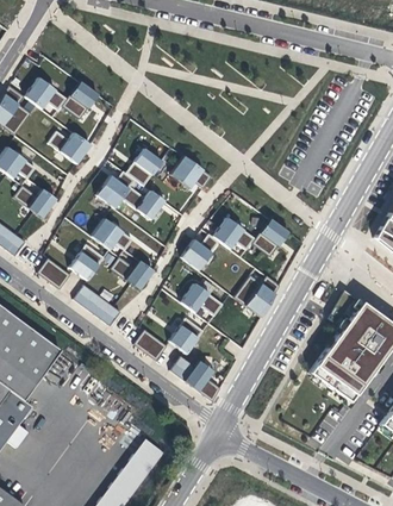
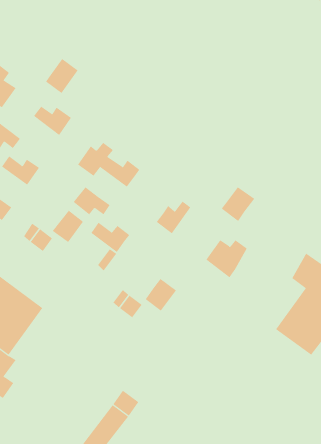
building: [25,76,67,110] -> none
building: [126,148,162,185] -> none
building: [170,155,212,188] -> none
building: [213,217,255,249] -> none
building: [181,282,223,314] -> none
building: [74,283,120,325] -> none
building: [170,355,220,400] -> none

